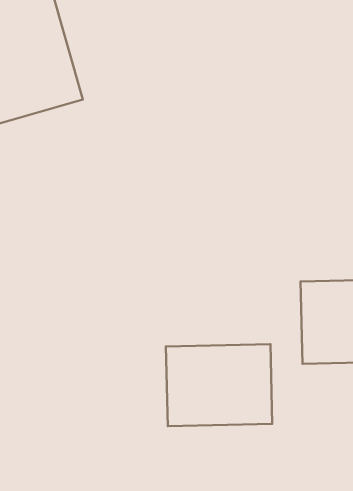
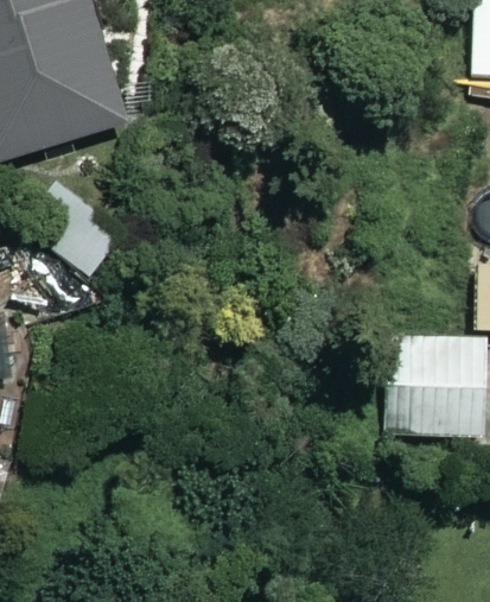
building: [166,344,272,426] -> none

